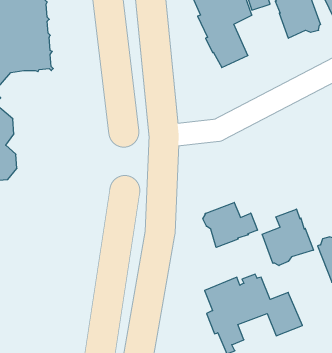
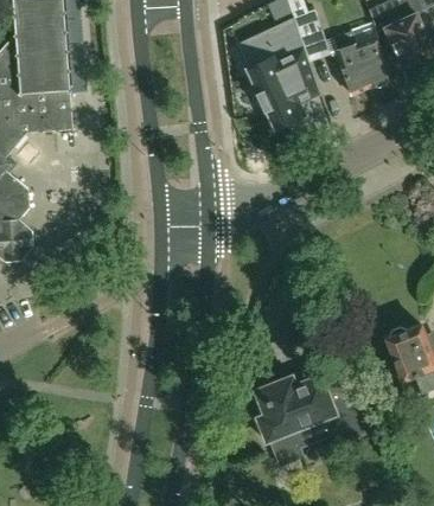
building: [203,202,257,247] -> none
building: [262,209,313,266] -> none

